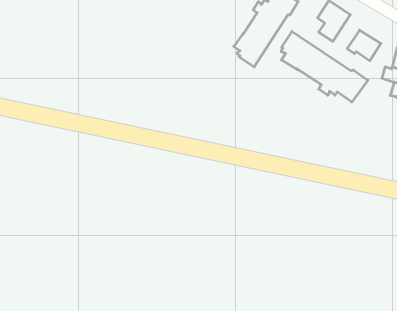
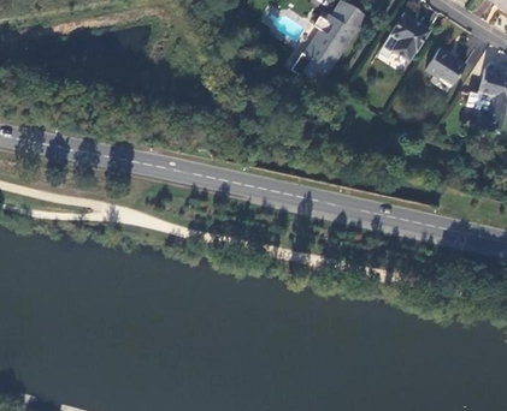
building: [281,31,368,102] -> none

